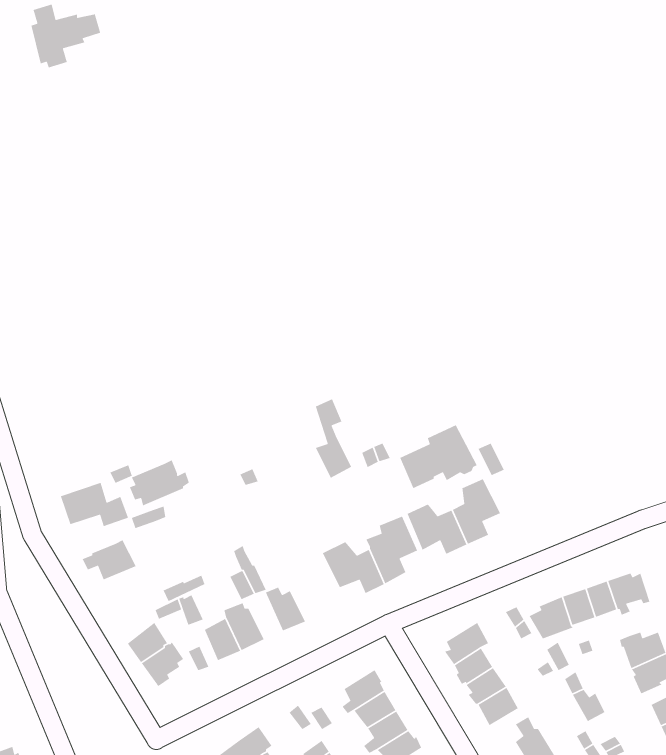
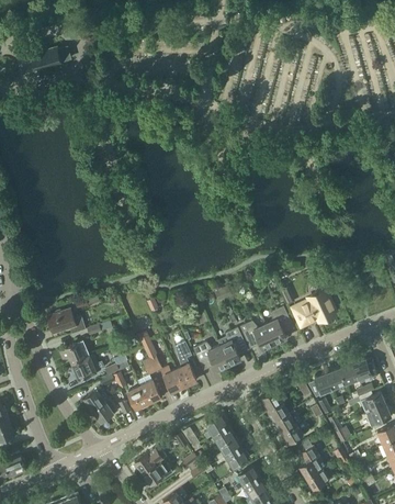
building: [315,398,352,479] -> [177,341,198,387]
building: [399,424,478,489] -> [294,290,338,326]
building: [129,459,190,507] -> [71,354,105,380]

